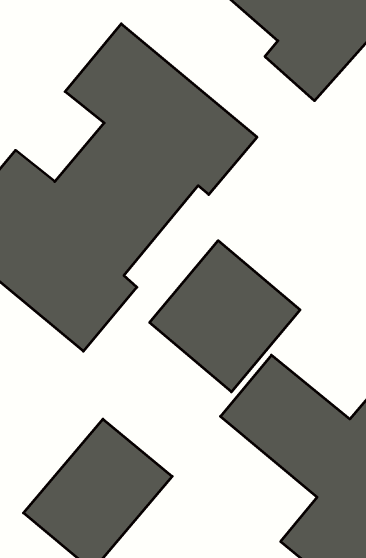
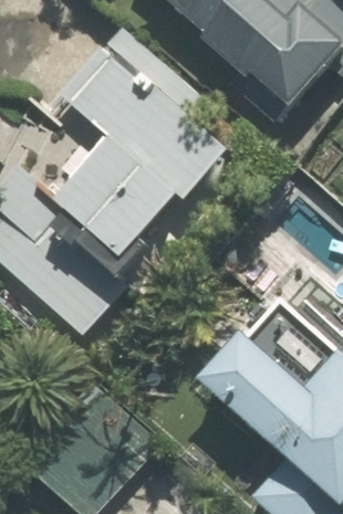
building: [150,241,300,392] -> none

